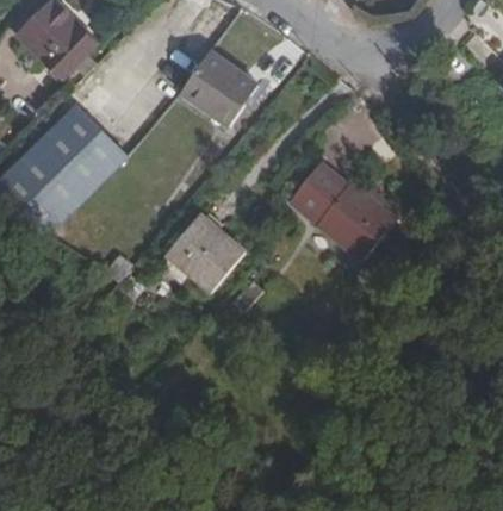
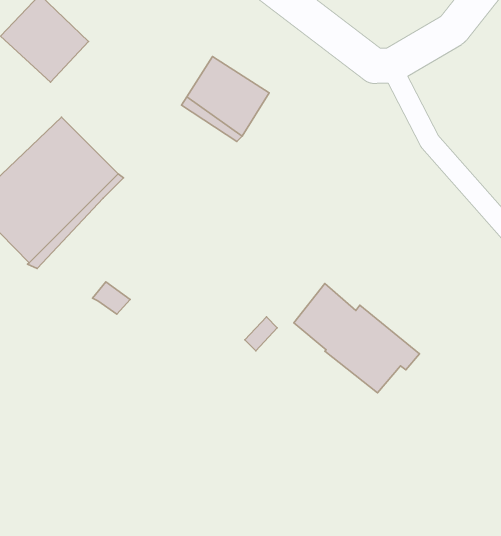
building: [288,164,399,261] -> [294,284,419,393]
building: [172,213,246,288] -> none

